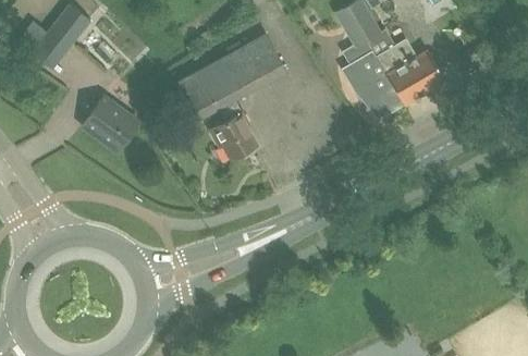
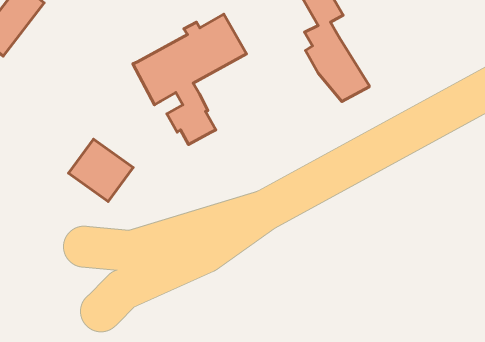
building: [376,38,445,103] -> none
building: [79,95,142,155] -> [68,139,133,202]

